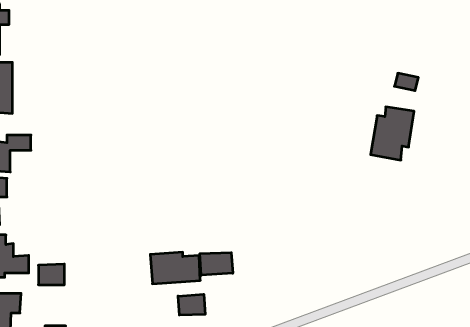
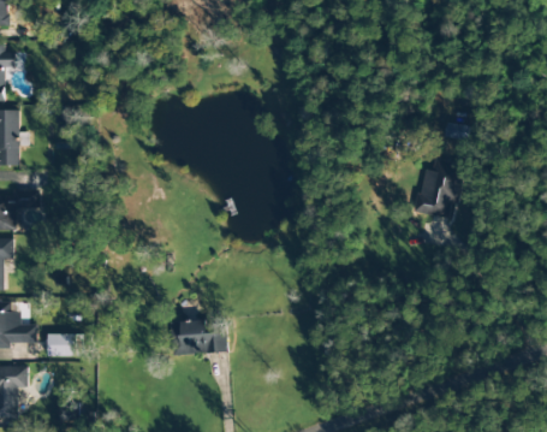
building: [200,253,233,275] -> none
building: [178,294,205,315] -> none

